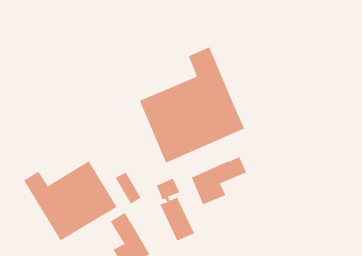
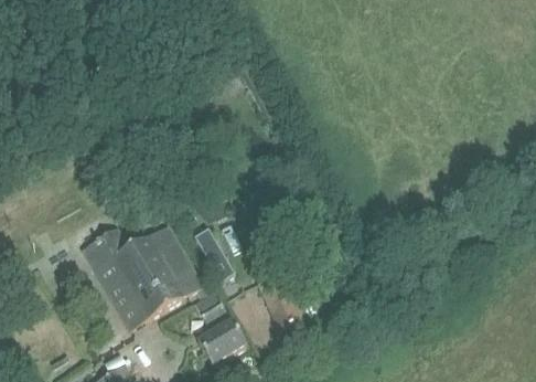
building: [139,47,245,163] -> none
building: [191,156,247,205] -> none

